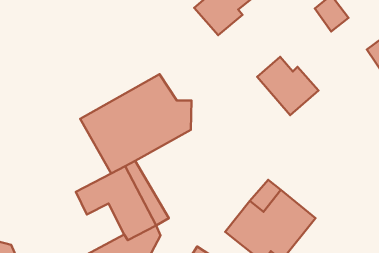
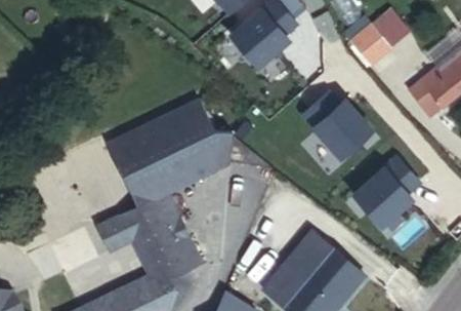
building: none -> [346,152,412,221]

